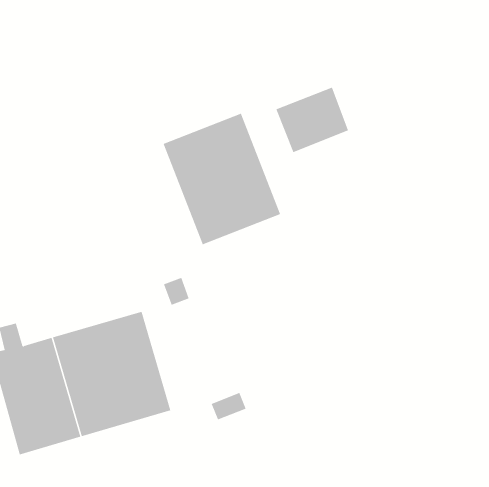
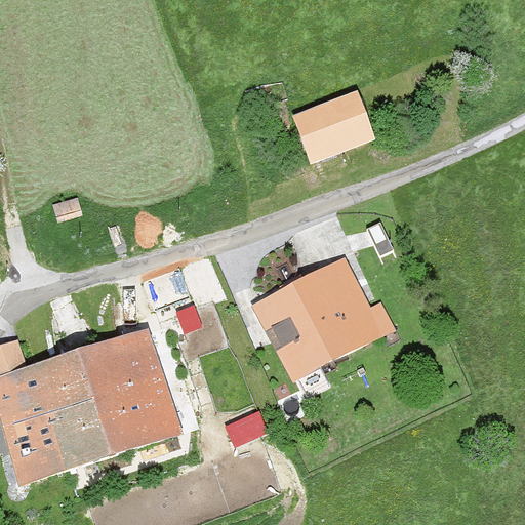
building: [163,113,281,245] -> none
building: none -> [252,258,393,377]

